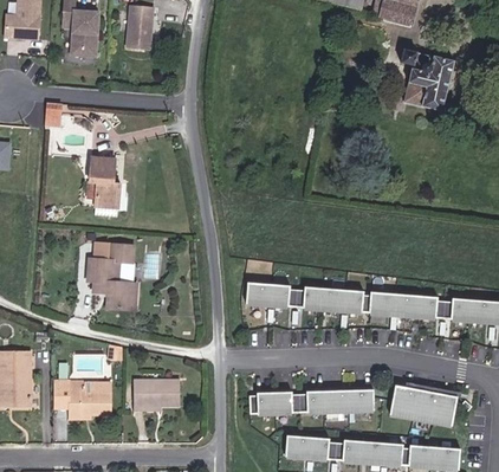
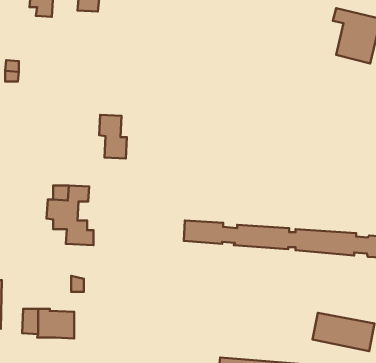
building: [84,160,115,208] -> [99,115,127,158]
building: [141,380,187,407] -> none
building: [242,390,368,415] -> none

